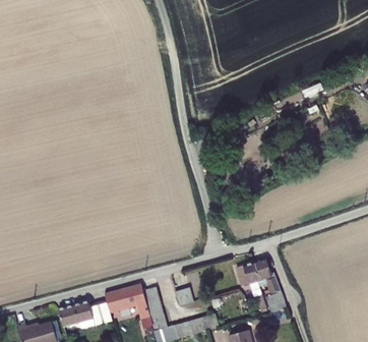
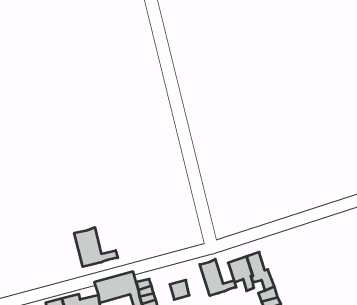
building: none -> [74,227,118,267]
building: none -> [200,259,236,296]

